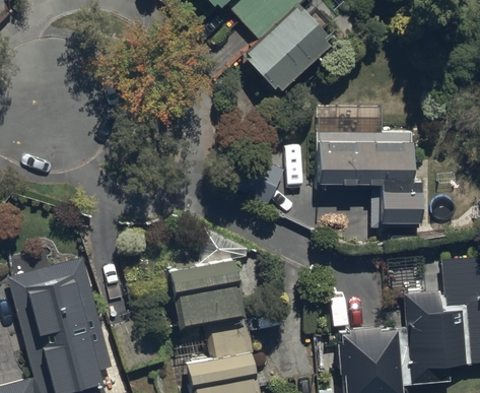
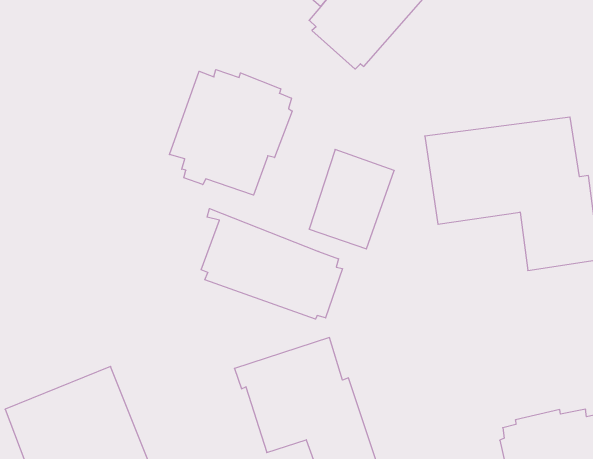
building: none -> [169,70,292,195]
building: none -> [201,209,342,319]

